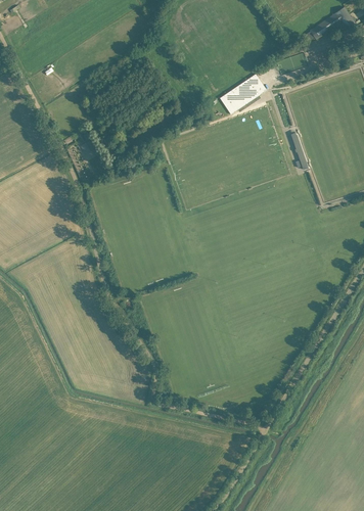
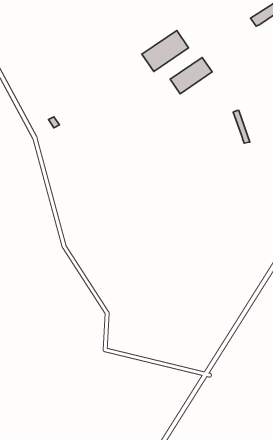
building: none -> [142,30,189,72]

